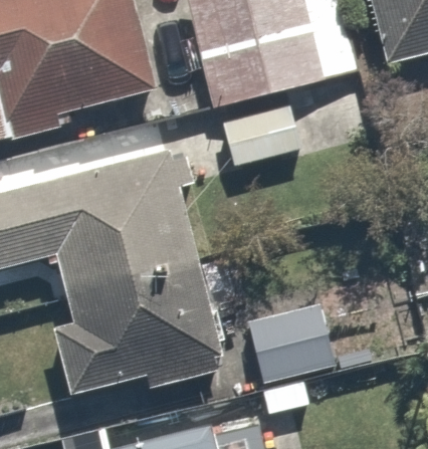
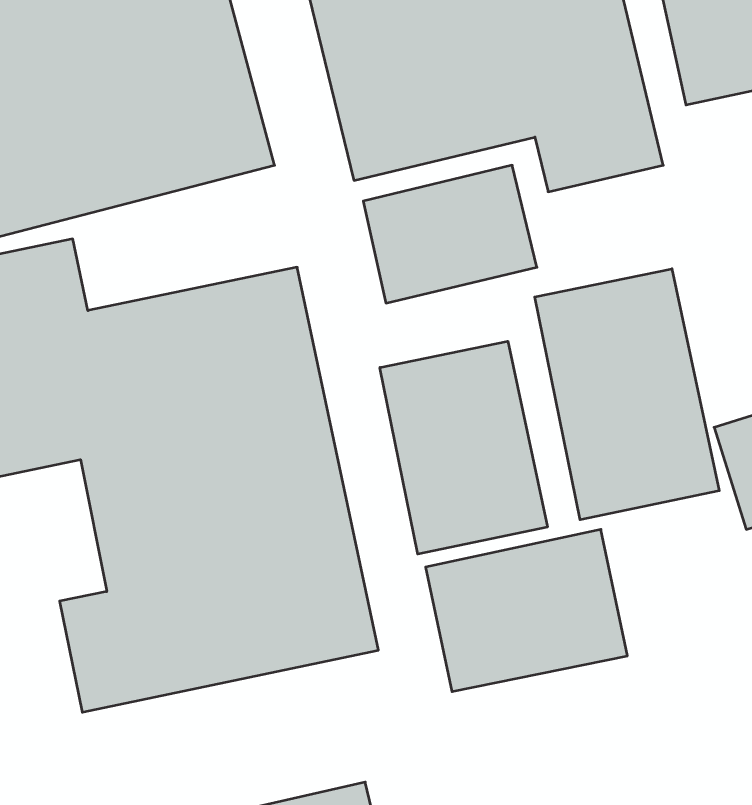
building: none -> [535,269,719,520]
building: none -> [380,341,547,554]

